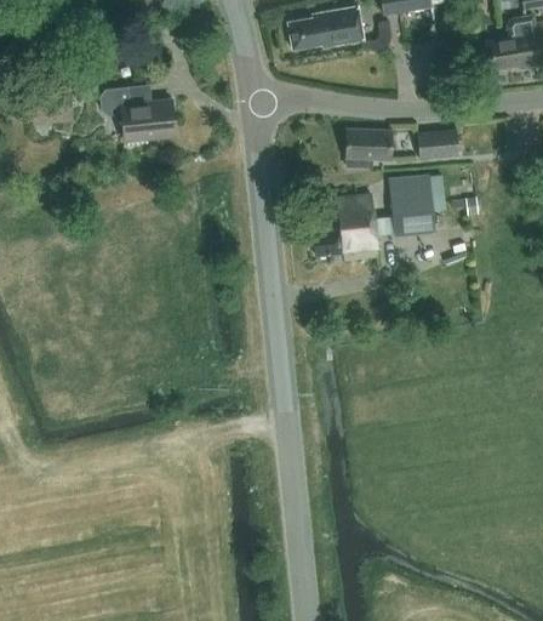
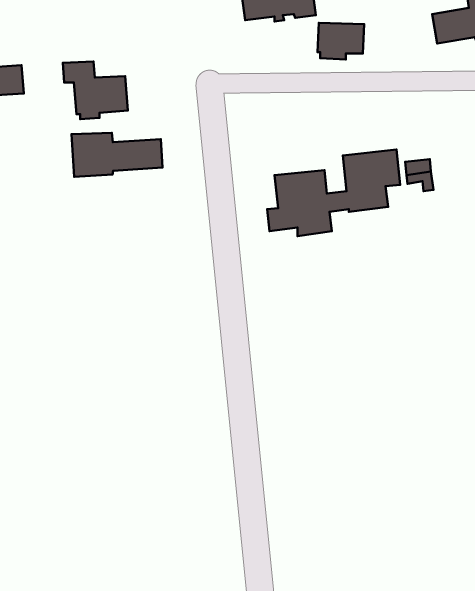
building: [345,127,391,164] -> [318,23,364,59]
building: [417,129,458,158] -> none
building: none -> [72,133,163,177]

